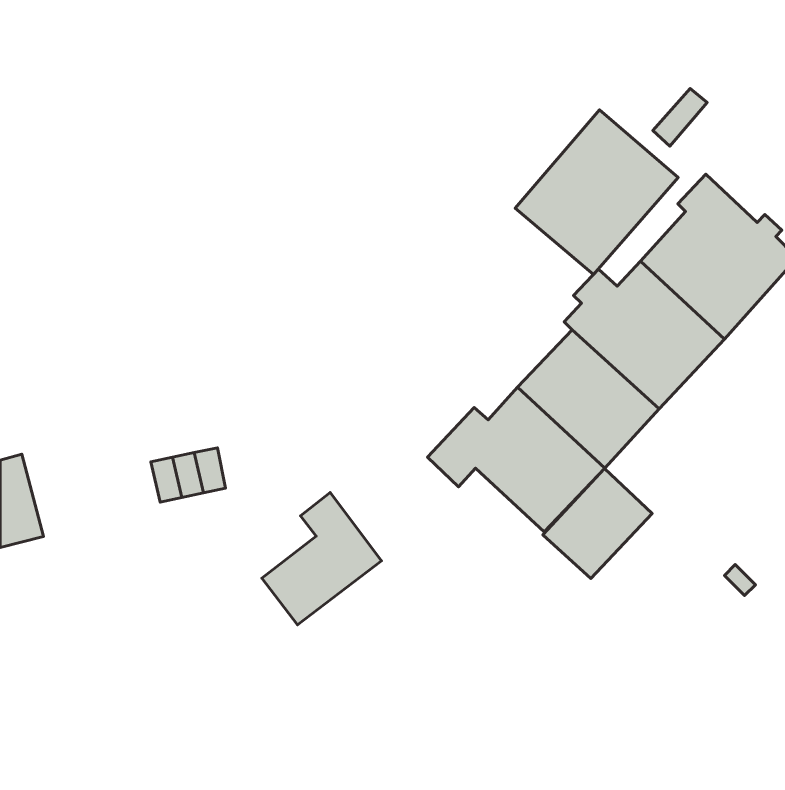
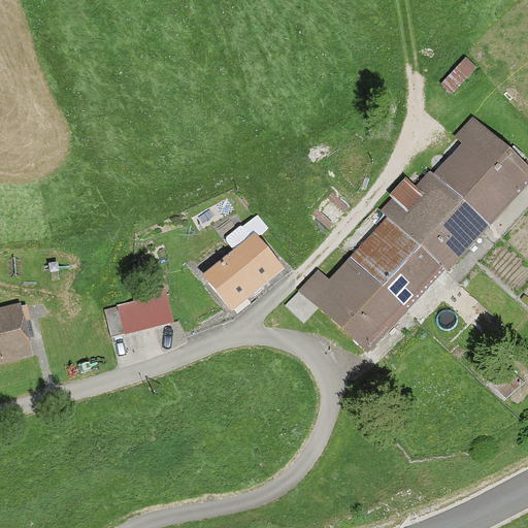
building: [515,110,678,274] -> none
building: [543,468,652,578] -> none
building: [262,493,381,625] -> [201,221,280,308]

